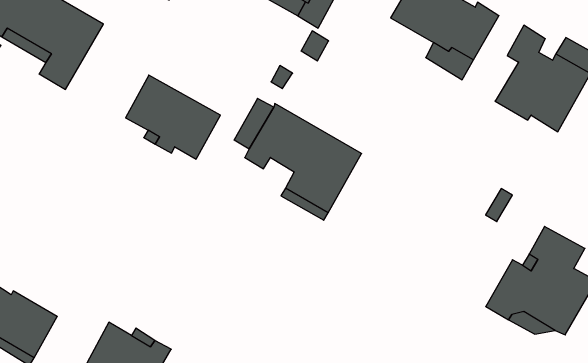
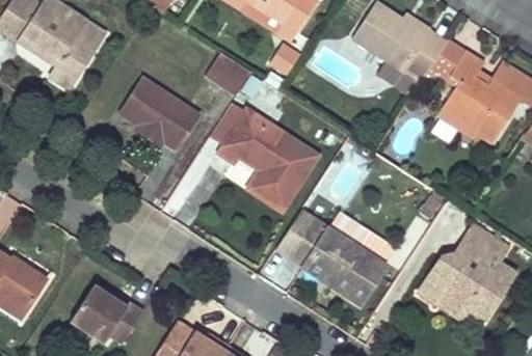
building: none -> [207,51,252,93]
building: none -> [292,215,389,302]

